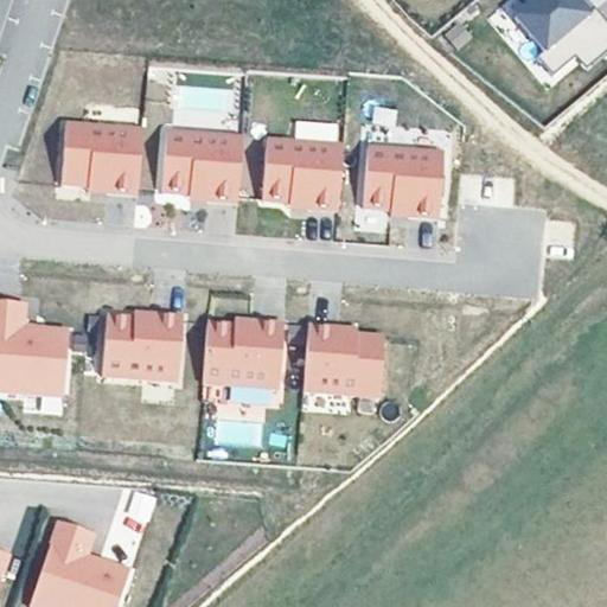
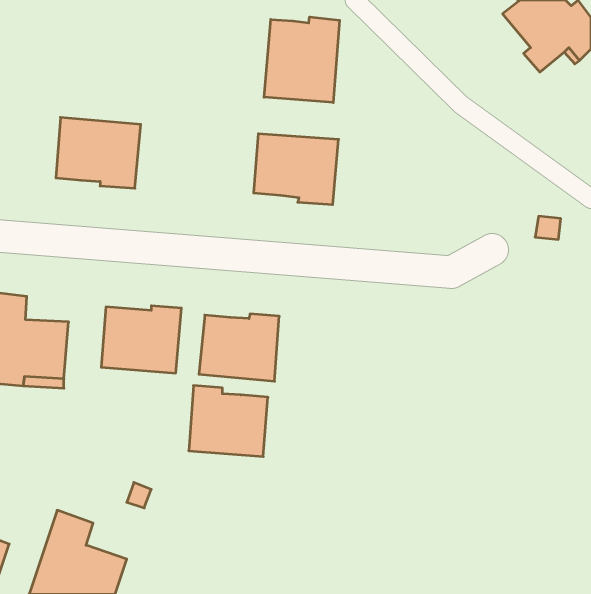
building: none -> [264,17,340,103]
building: [158,128,244,200] -> none
building: [359,145,446,217] -> none
building: [305,324,385,396] -> [189,386,268,457]

